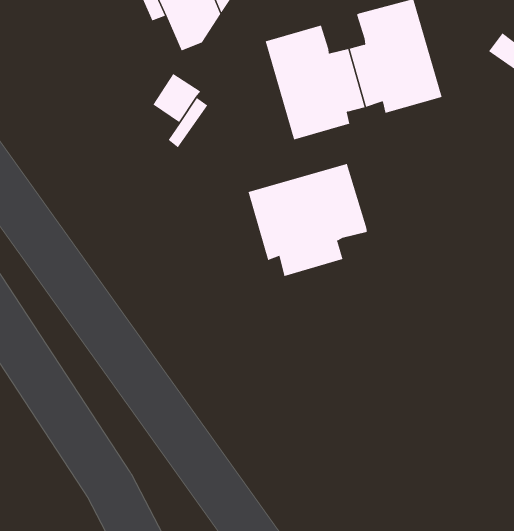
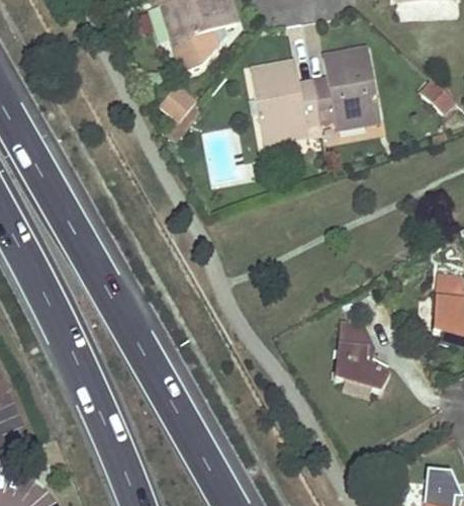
building: [248,163,367,277] -> none
building: none -> [336,318,392,397]

